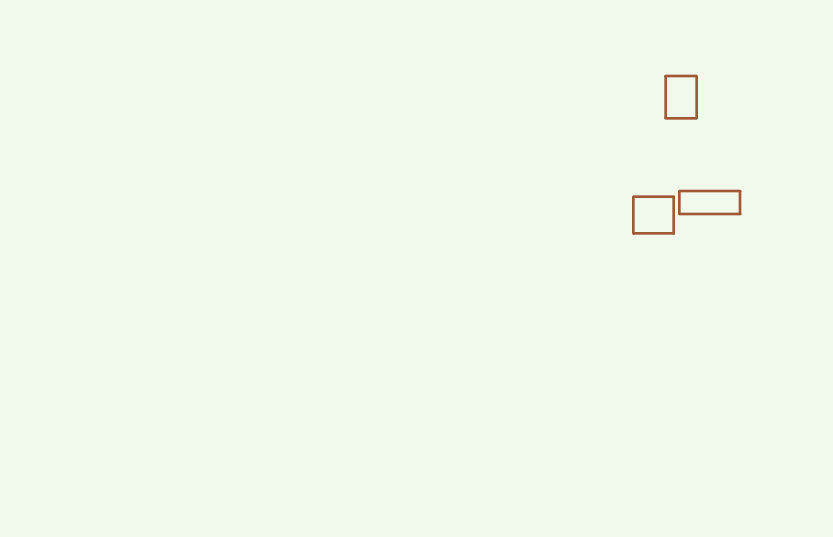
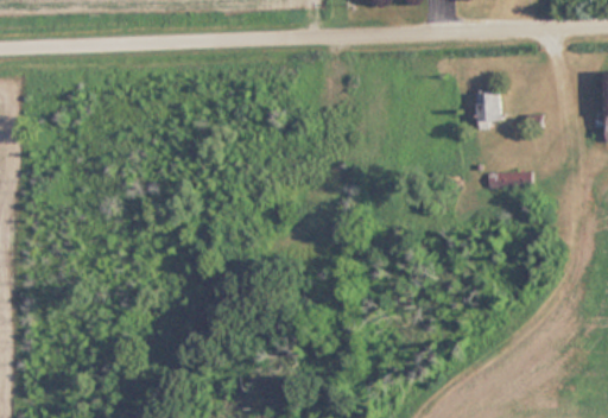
building: [634,197,674,234] -> none

